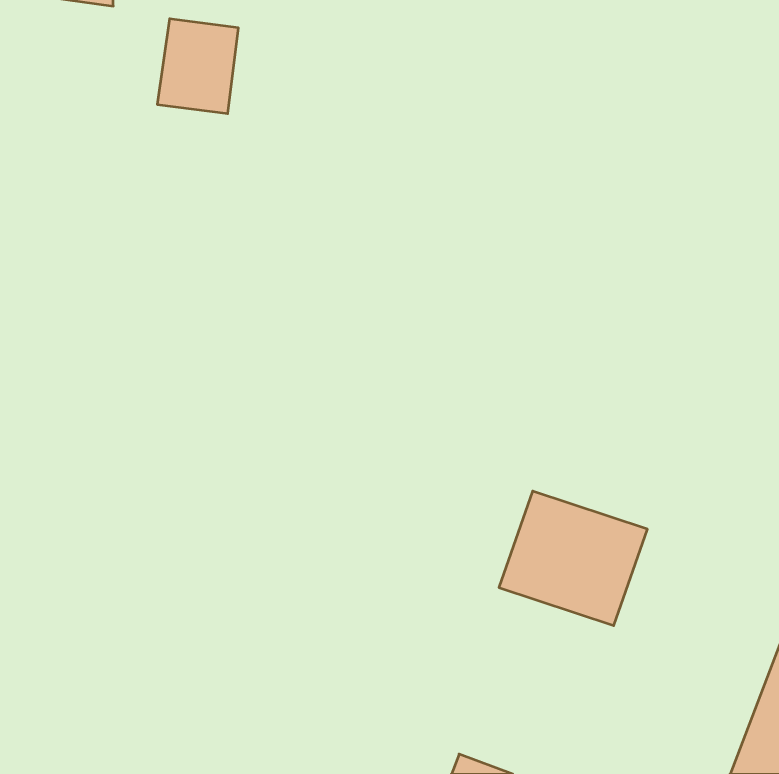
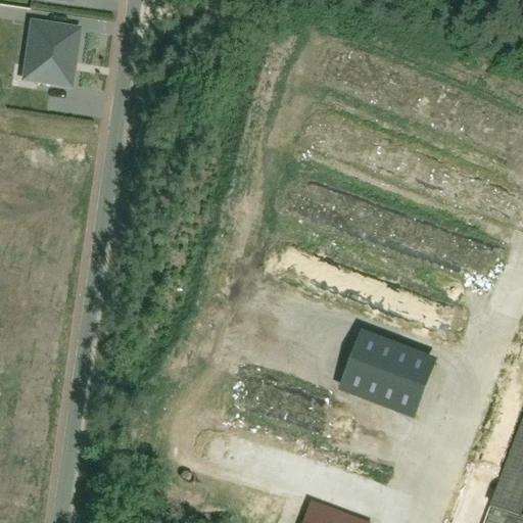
building: [157,19,238,114] -> [26,20,80,84]

